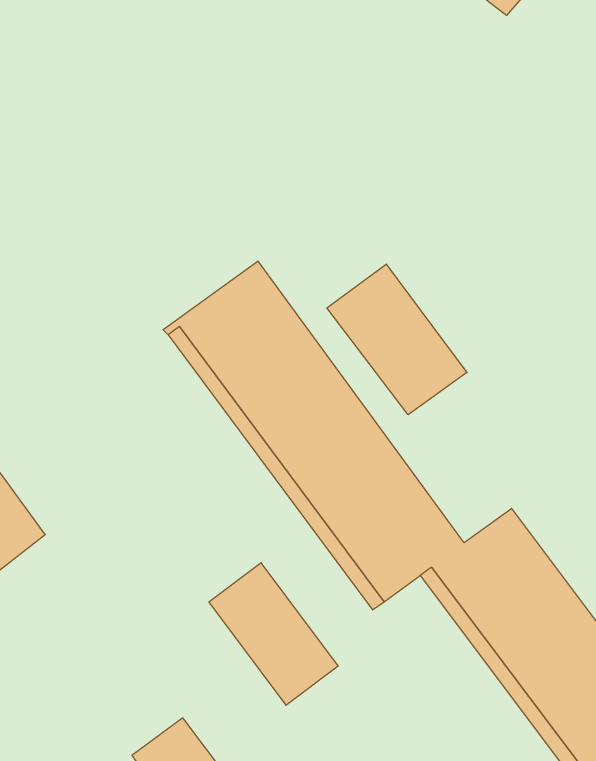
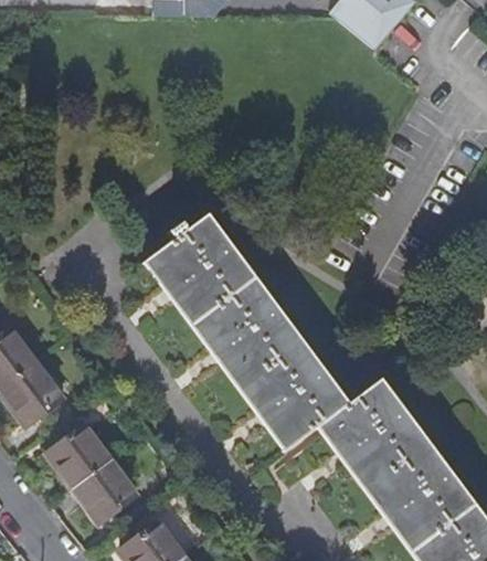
building: [327,264,467,415] -> none
building: [209,563,338,705] -> [52,425,139,521]

